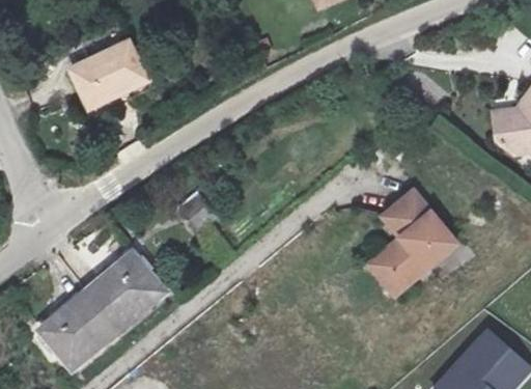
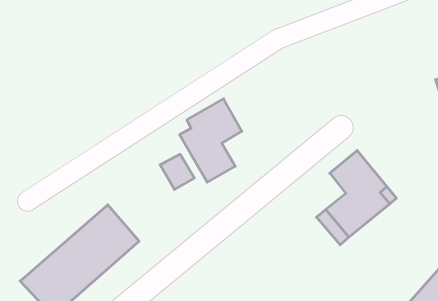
building: [61,41,139,115] -> none
building: none -> [180,99,242,182]

